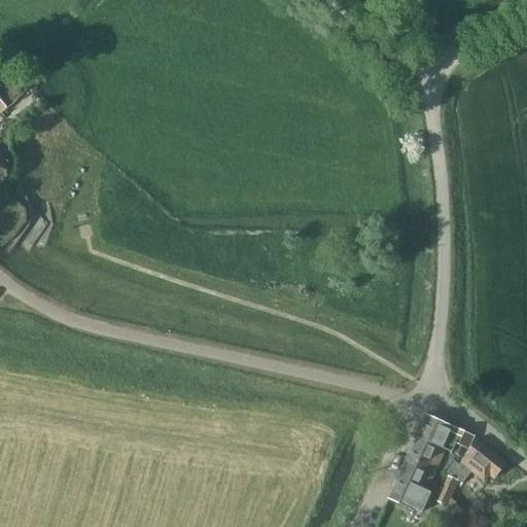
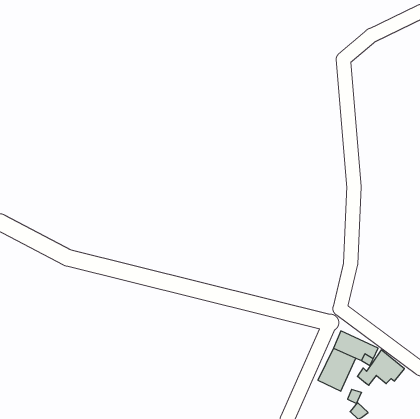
building: [389,476,432,511] -> none

